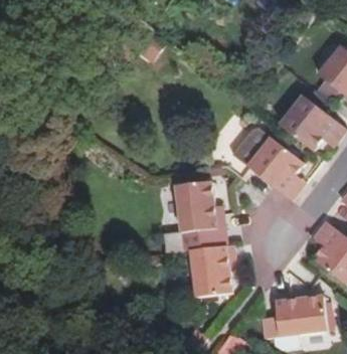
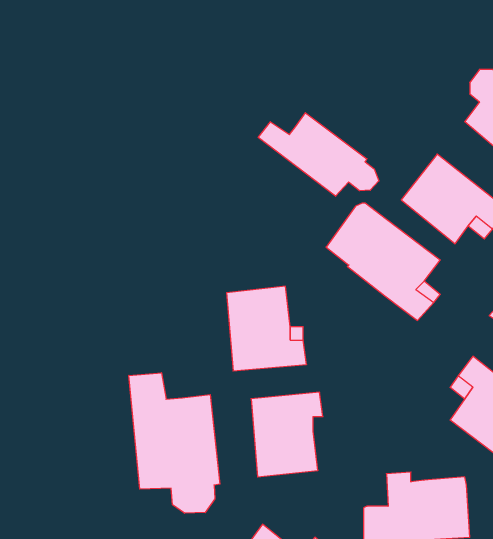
building: none -> [258,113,379,196]
building: none -> [129,373,220,513]

